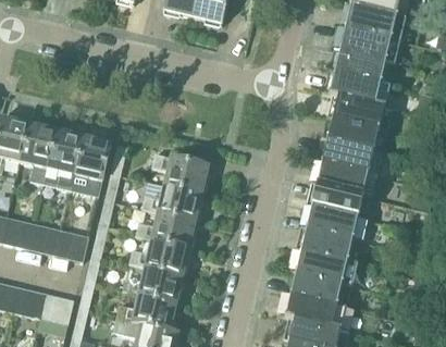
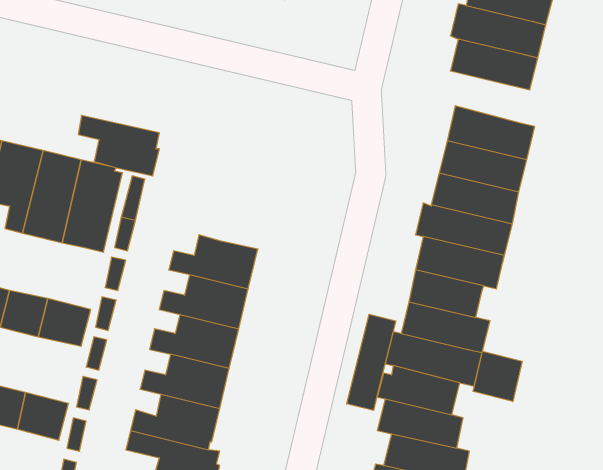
building: [329,73,388,109] -> none
building: [151,153,207,195] -> [78,115,159,176]
building: none -> [347,314,396,410]
building: none -> [473,351,522,402]

